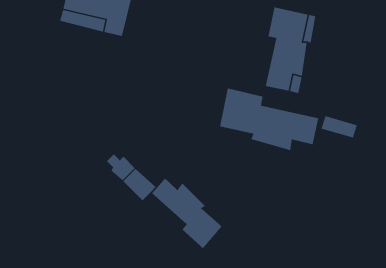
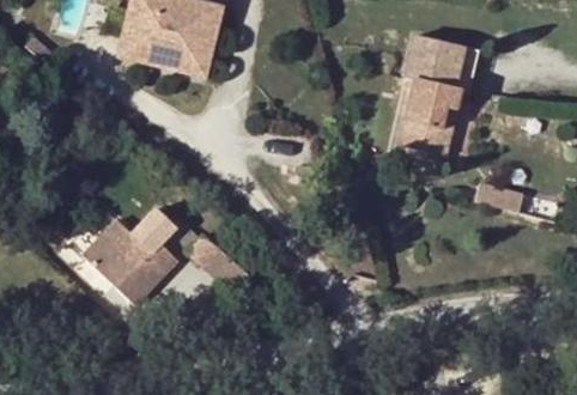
building: [219,87,319,151] -> none
building: none -> [83,211,177,305]
building: [151,178,222,249] -> none

